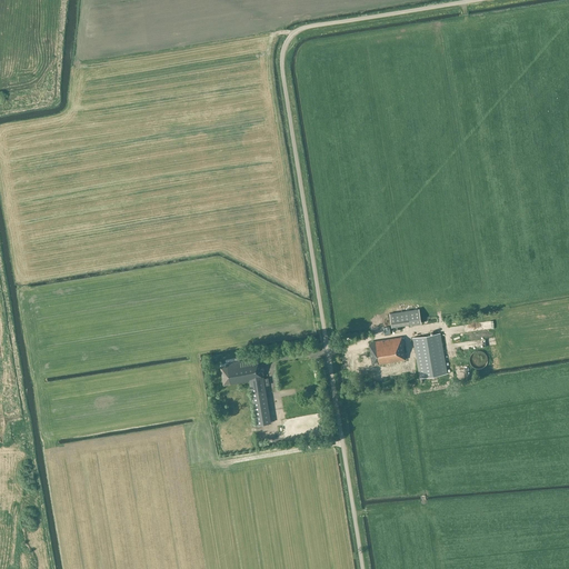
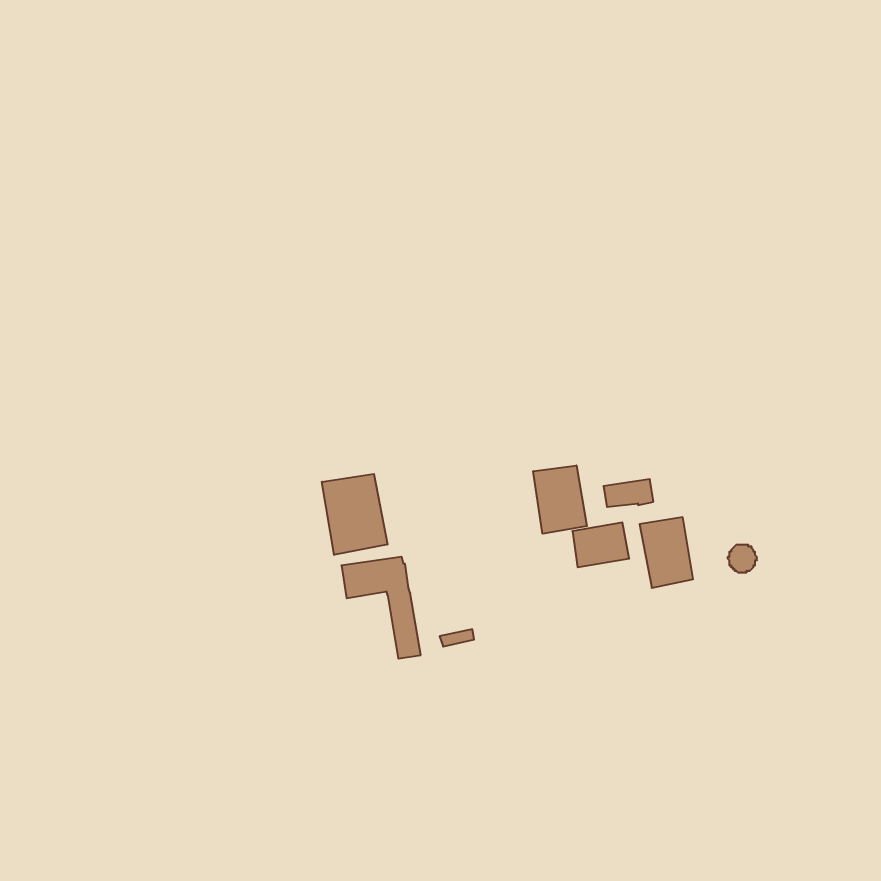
building: none -> [533,465,587,534]
building: none -> [322,474,387,555]

